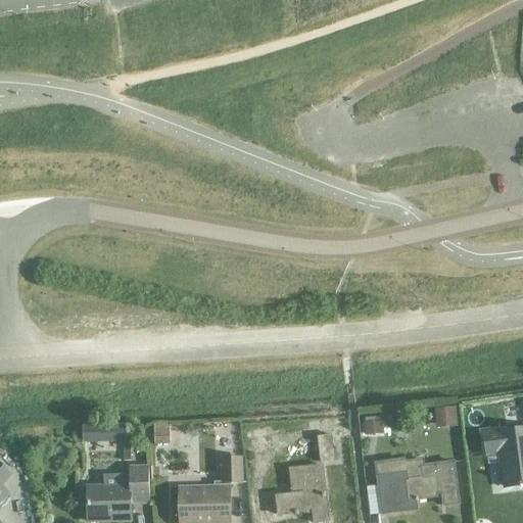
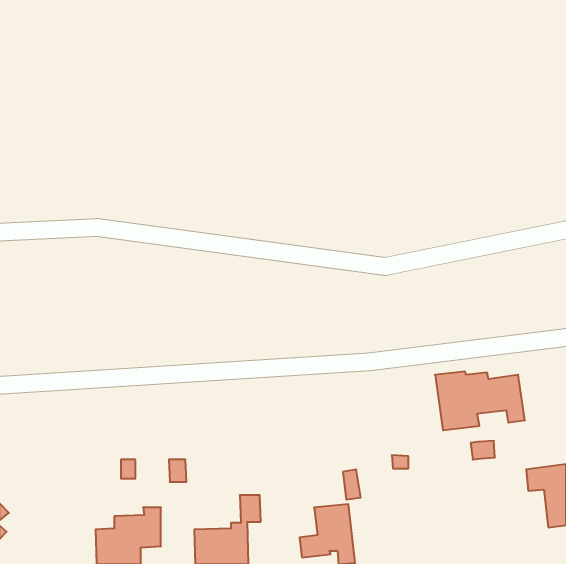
building: [375,458,458,512] -> [435,371,525,430]

